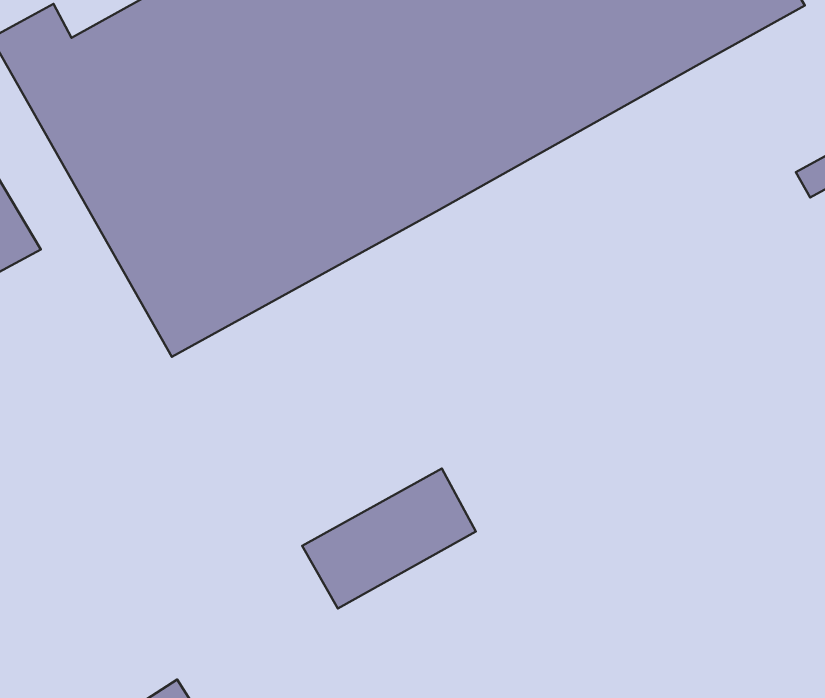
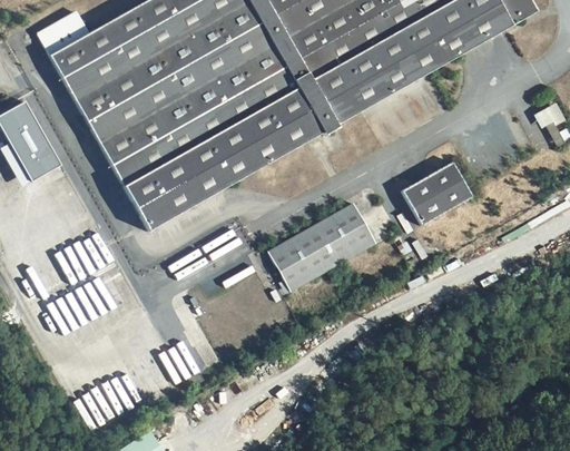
building: none -> [402,163,471,224]
building: [302,469,476,608] -> [264,203,372,290]

